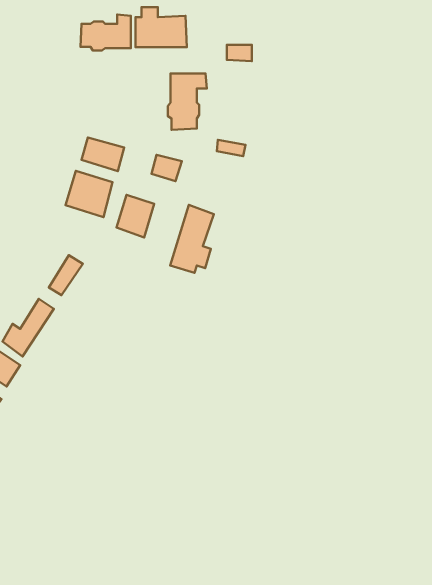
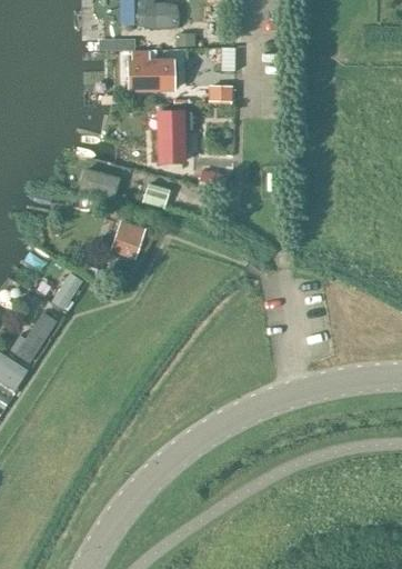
building: [80,15,131,50] -> none
building: [66,171,113,217] -> none
building: [170,205,214,273] -> none

